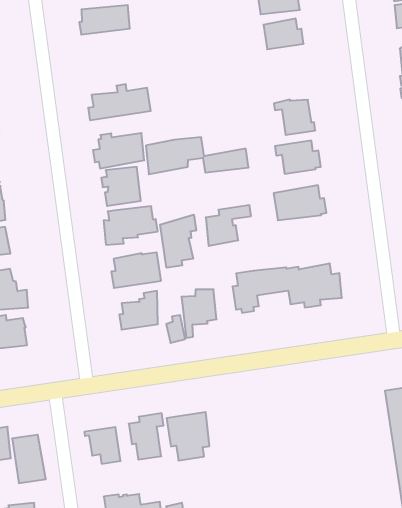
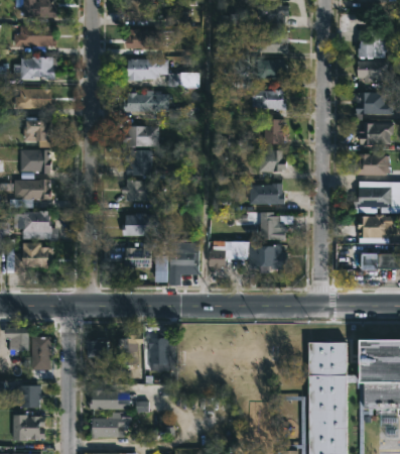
building: none -> [252,91,287,111]
building: [146,137,249,174] -> [126,60,199,88]
building: [206,205,251,246] -> [259,217,293,242]
building: [160,215,196,268] -> none

